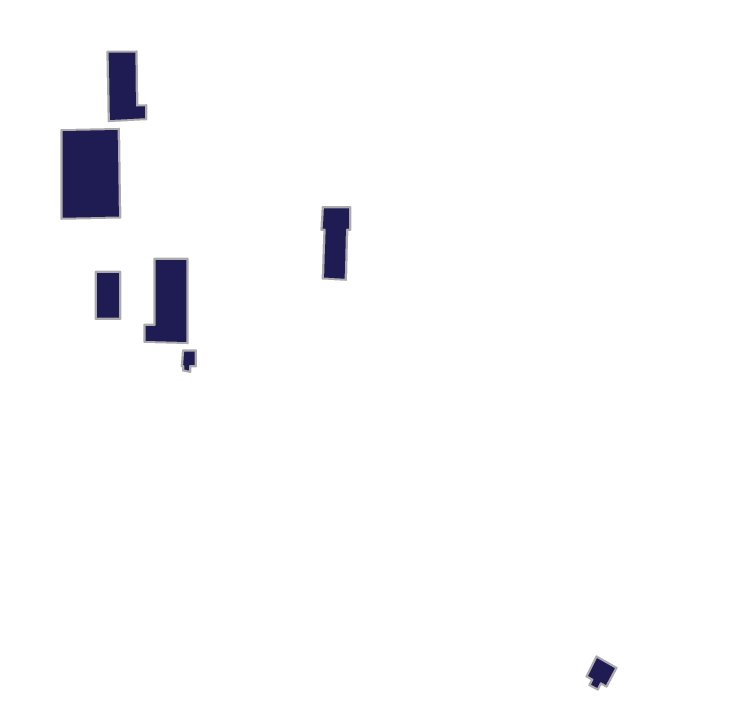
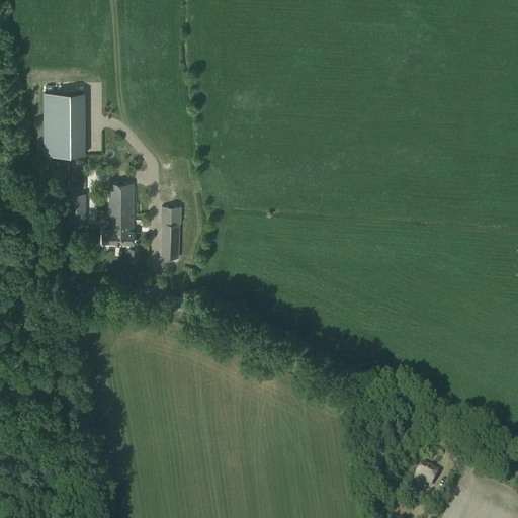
building: [108,51,146,121] -> none
building: [322,207,350,280] -> [161,208,181,260]

